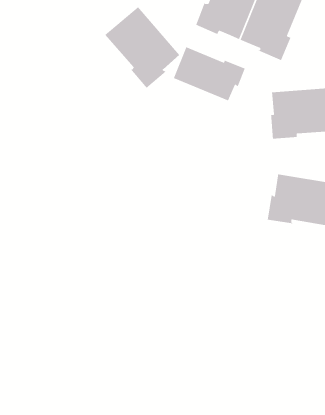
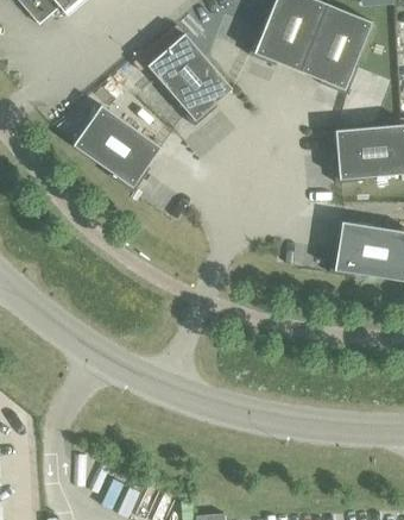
building: [173,46,246,102] -> none
building: none -> [74,104,162,192]

